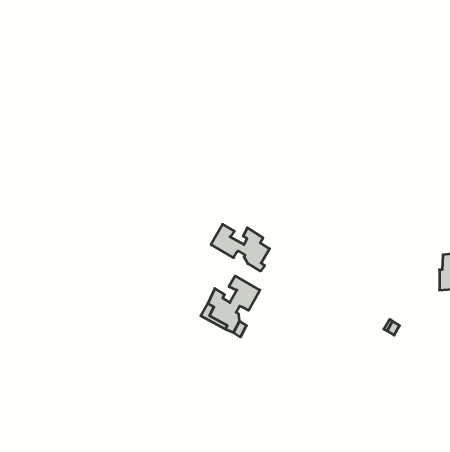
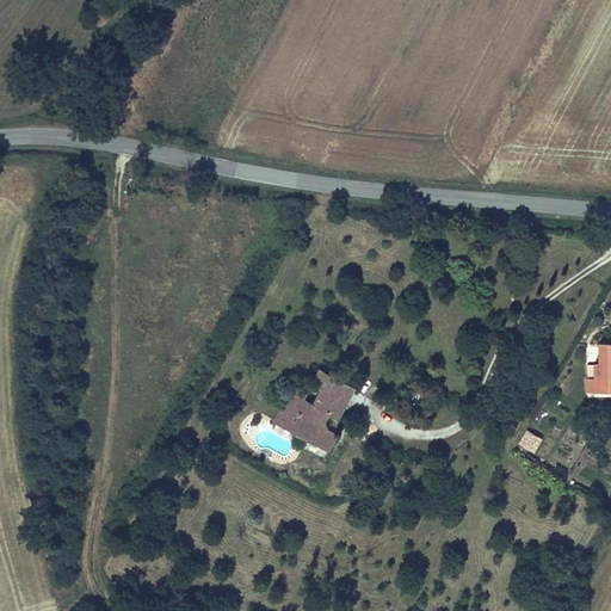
building: [211,224,270,271] -> none

